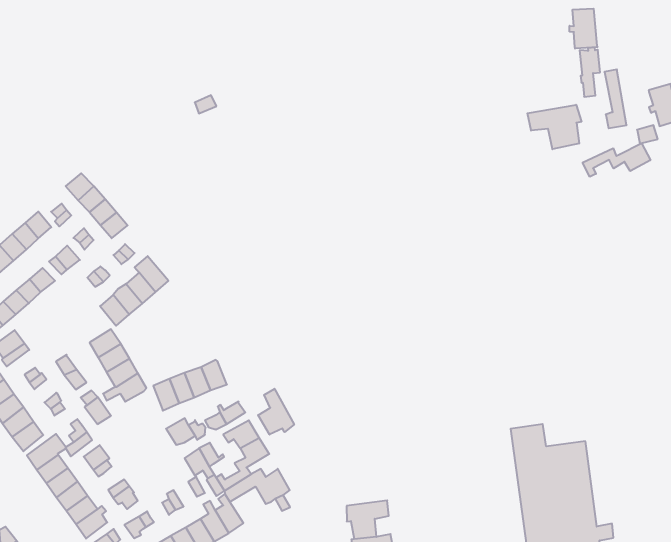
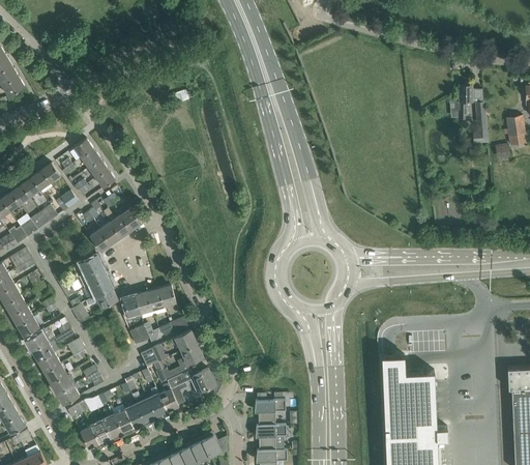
building: [570,9,597,49] -> none
building: [527,105,581,149] -> none
building: [583,143,650,177] -> none
building: [258,389,294,435] -> none

